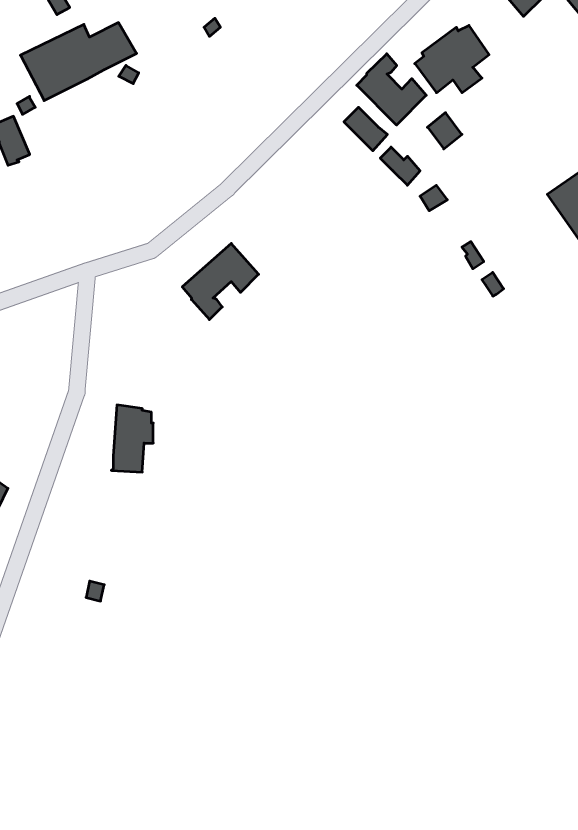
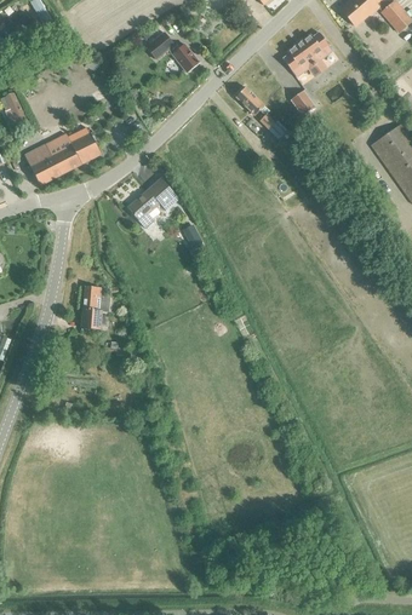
building: [20,23,137,101] -> [24,132,102,184]
building: none -> [144,31,199,71]
building: [357,54,426,125] -> none

